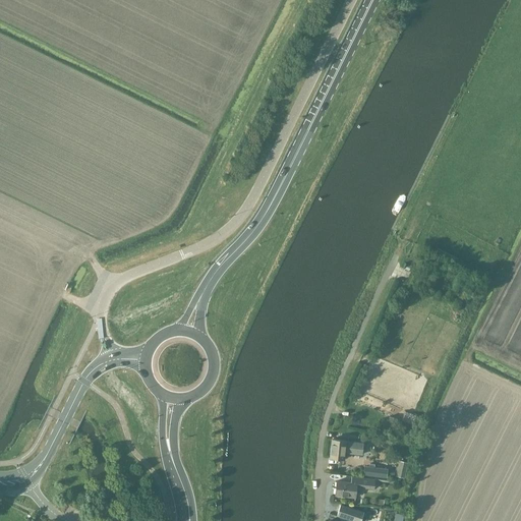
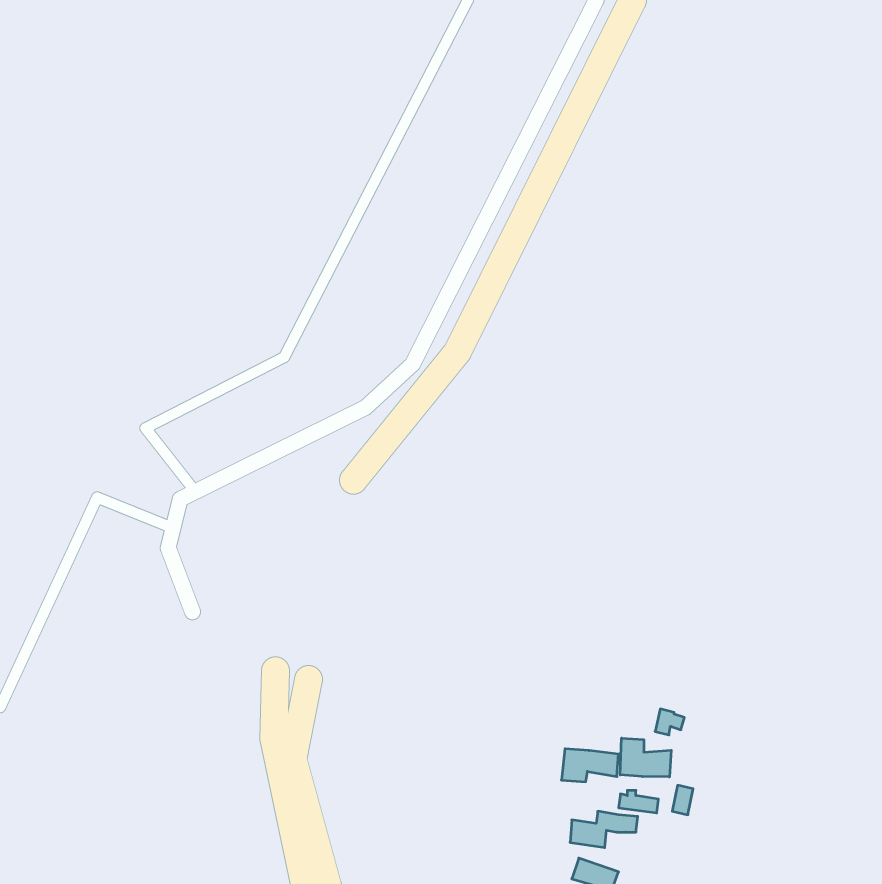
building: none -> [620,738,671,777]

